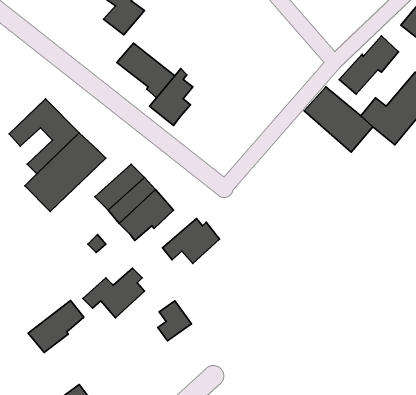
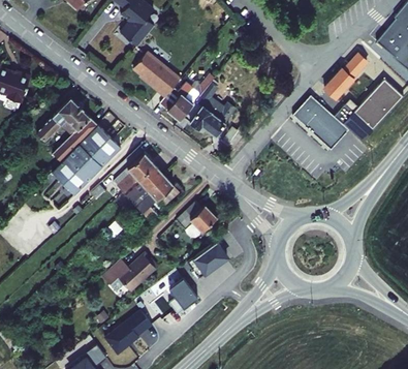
building: none -> [186,88,239,135]
building: none -> [187,239,227,274]
building: [28,300,84,352] -> [104,306,152,350]

